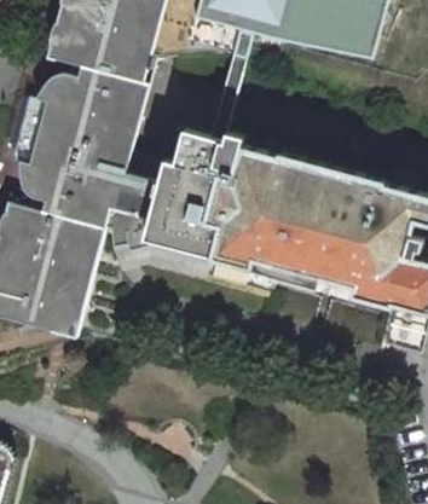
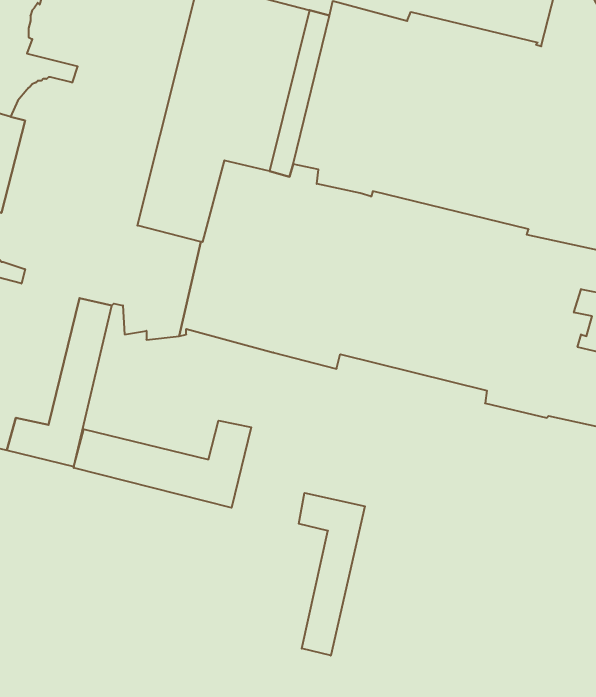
building: none -> [74,421,251,508]
building: none -> [299,493,365,656]

